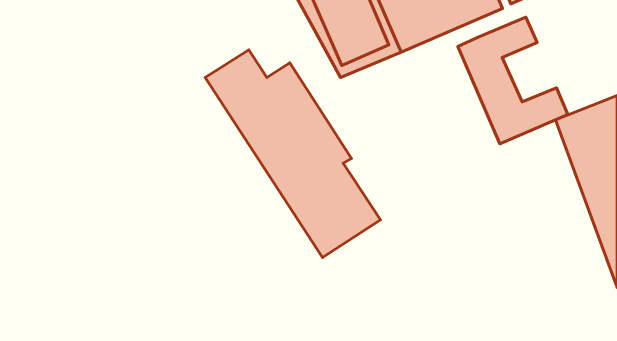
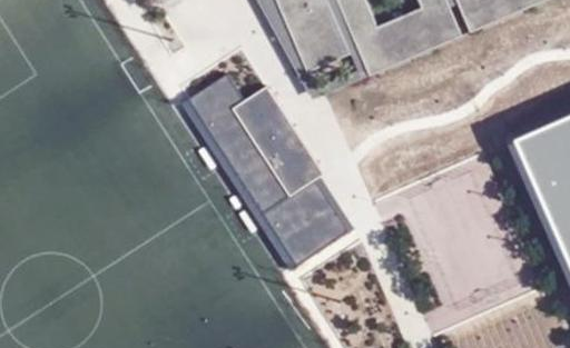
building: [458,17,568,144] -> none

